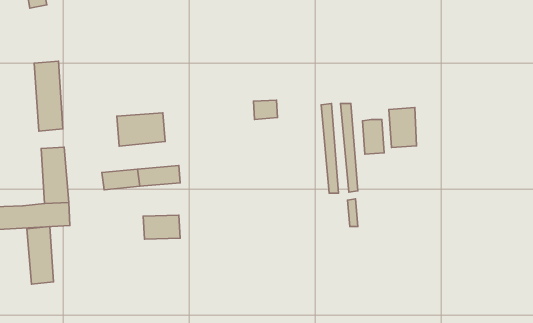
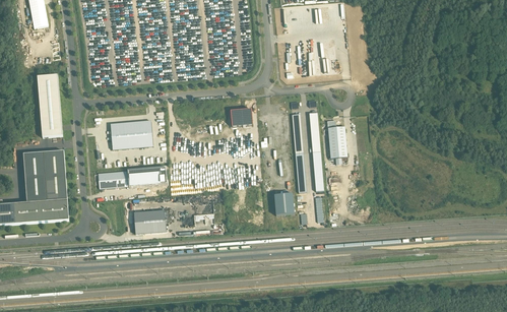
building: [389,108,416,147] -> none
building: none -> [273,193,294,214]
building: [27,227,53,284] -> [22,151,46,202]

